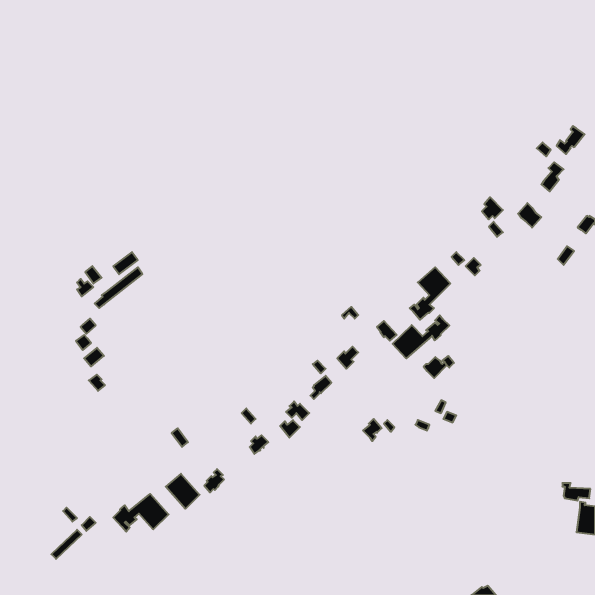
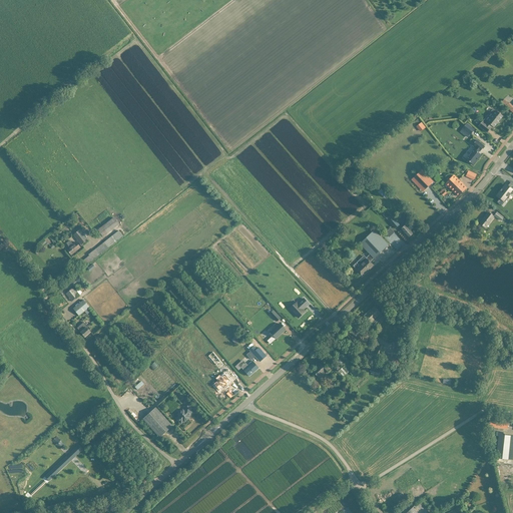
building: [393,315,449,358] -> none
building: [113,494,169,532] -> none

